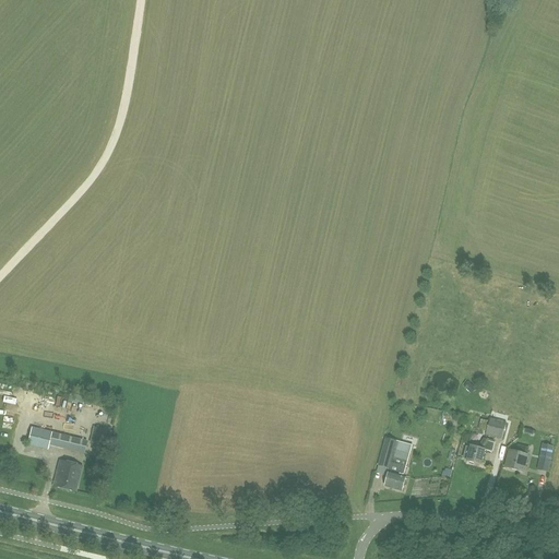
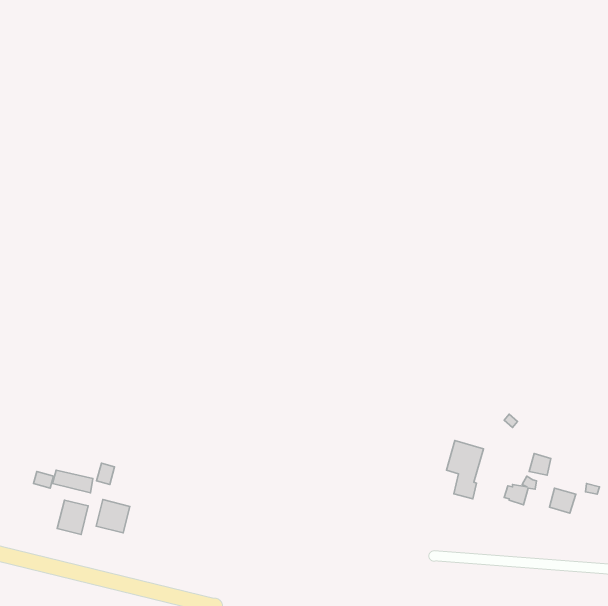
building: [377,436,411,489] -> [447,440,483,499]
building: none -> [96,500,130,533]

